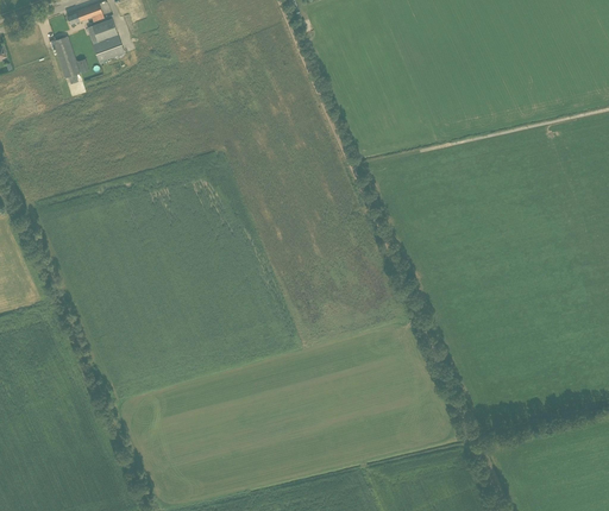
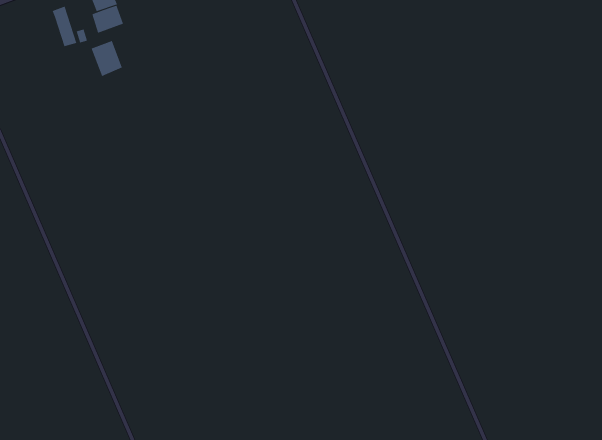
building: none -> [91,40,122,77]

